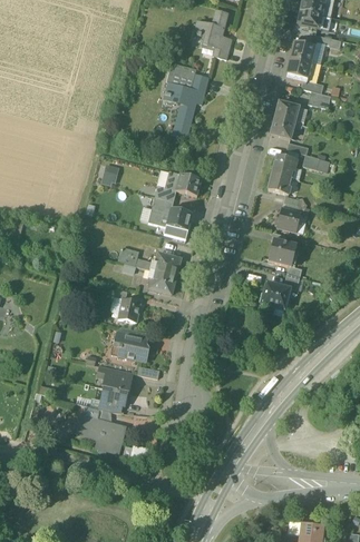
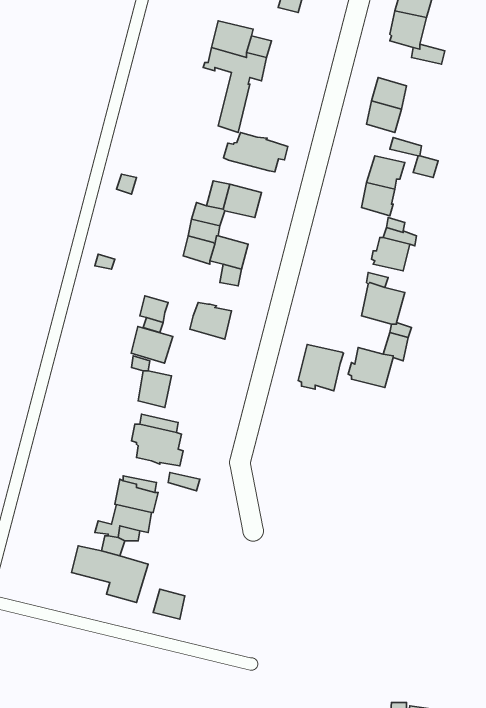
building: none -> [223,133,288,172]
building: [149,270,177,295] -> [131,326,173,363]
building: none -> [298,345,344,391]

